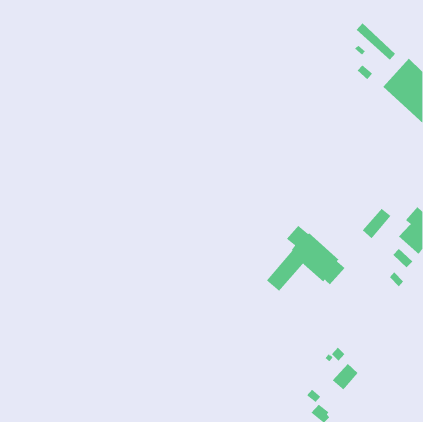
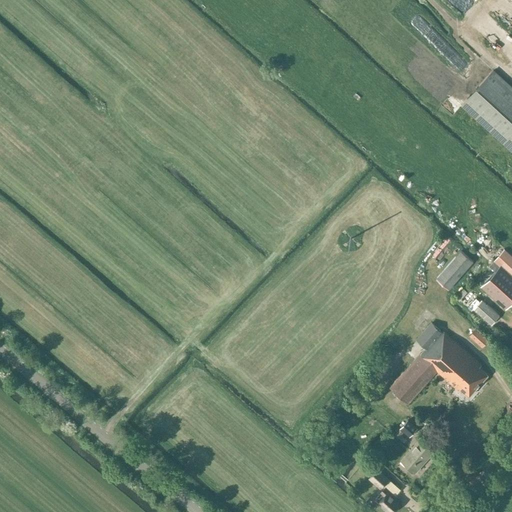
building: [266,225,345,292] -> [392,324,488,405]

